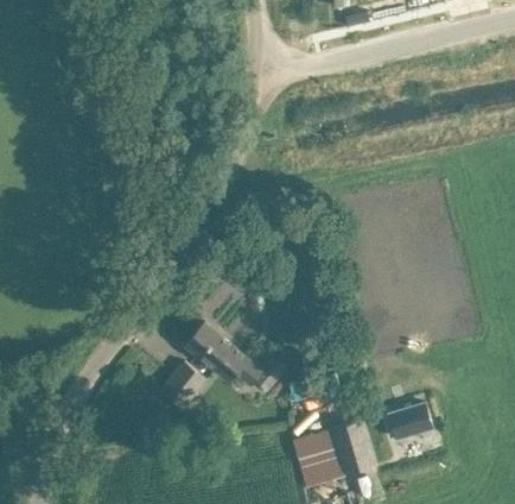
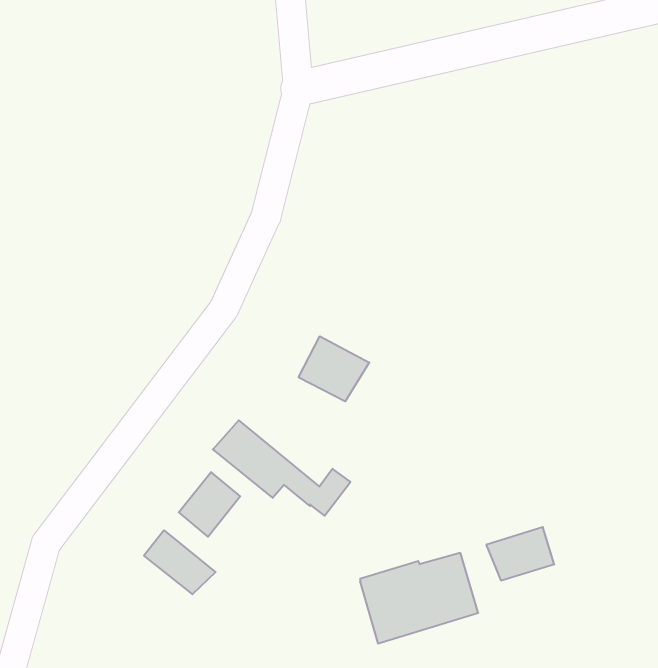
building: none -> [299,336,369,401]
building: none -> [144,530,216,594]

